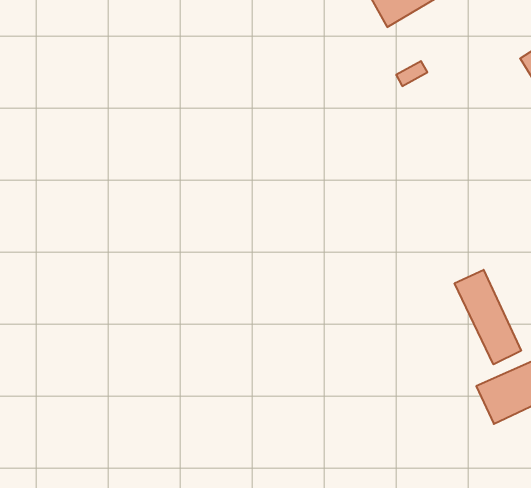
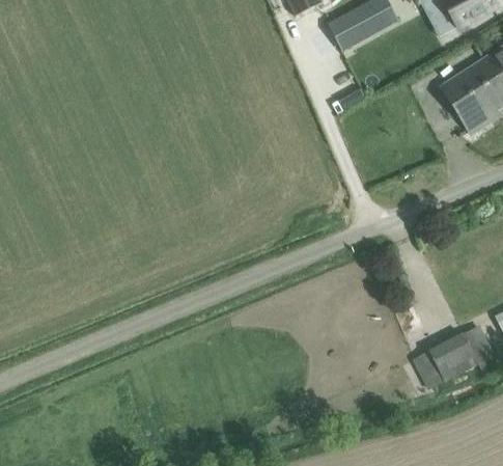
building: [455,270,521,364] -> none

